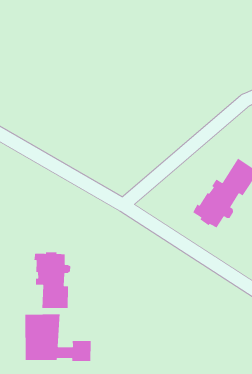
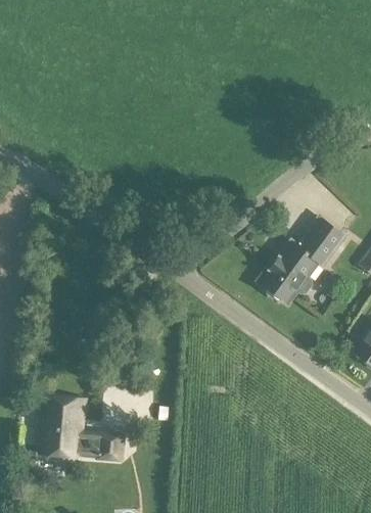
building: [33,251,71,309] -> none

